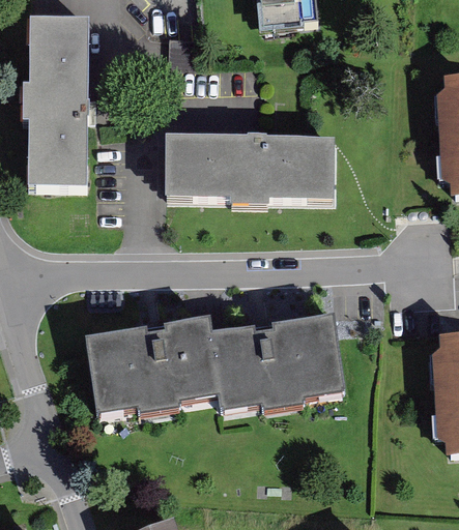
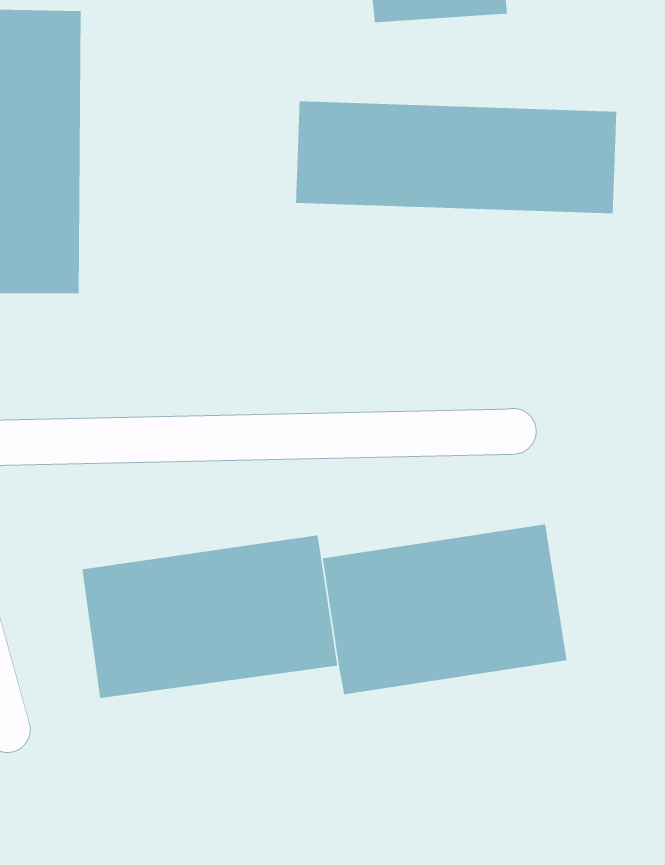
building: [168,134,352,199] -> [295,100,617,214]

